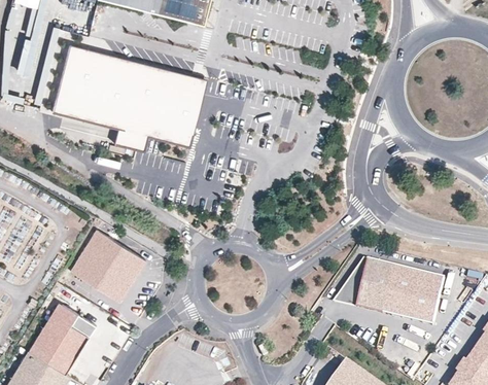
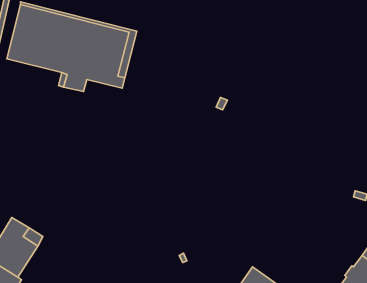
building: [68,230,144,303] -> none
building: [333,256,444,323] -> none

